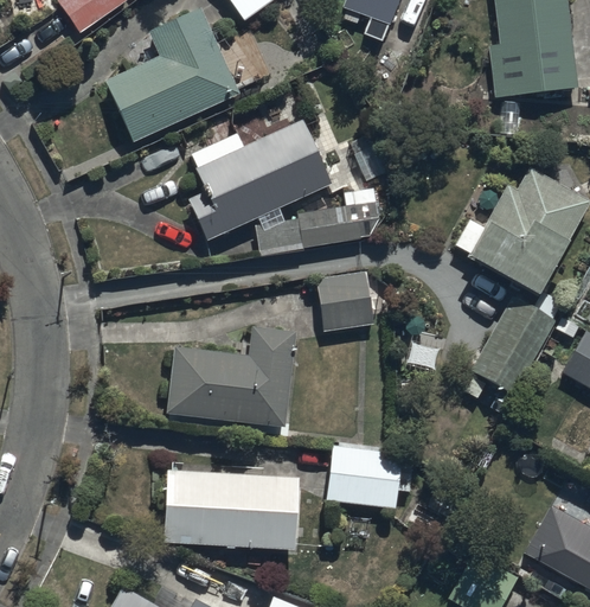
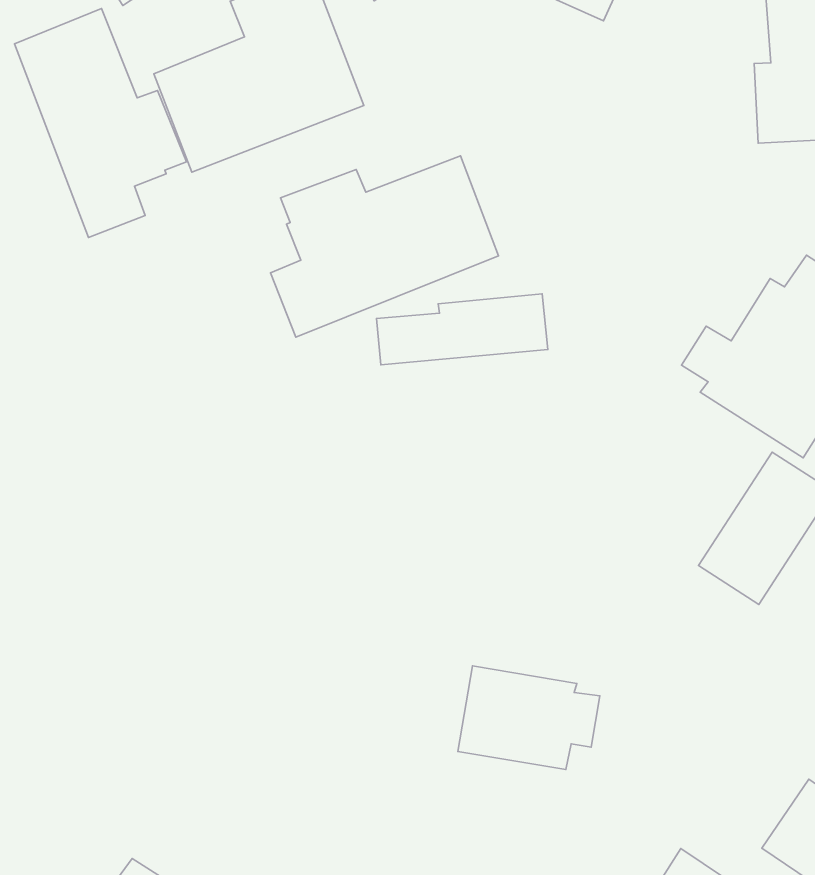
building: none -> [14,8,186,238]
building: [316,269,377,333] -> none
building: [167,326,296,426] -> none
building: [162,469,300,549] -> none

